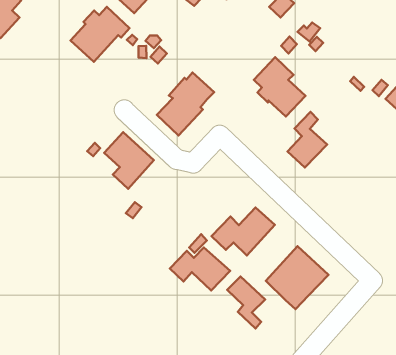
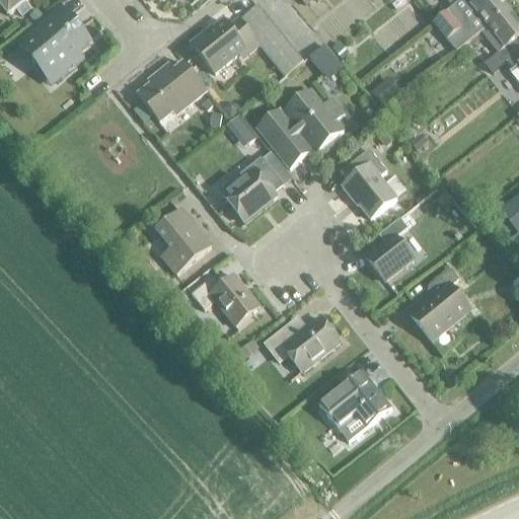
building: none -> [257,88,345,167]
building: none -> [413,267,469,339]
building: [170,247,230,290] -> [192,274,261,324]
building: [227,276,265,328] -> none

